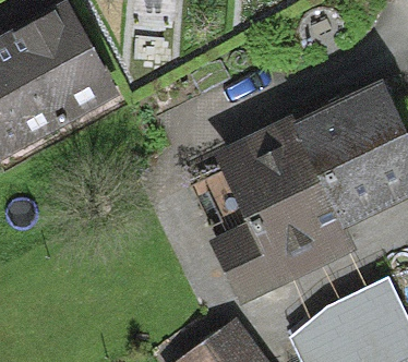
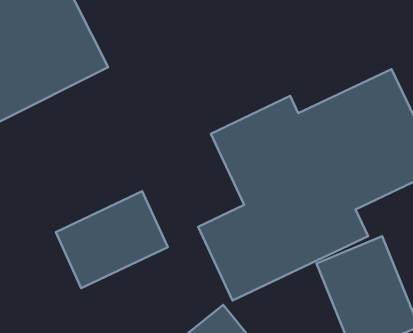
building: none -> [56,191,168,288]

